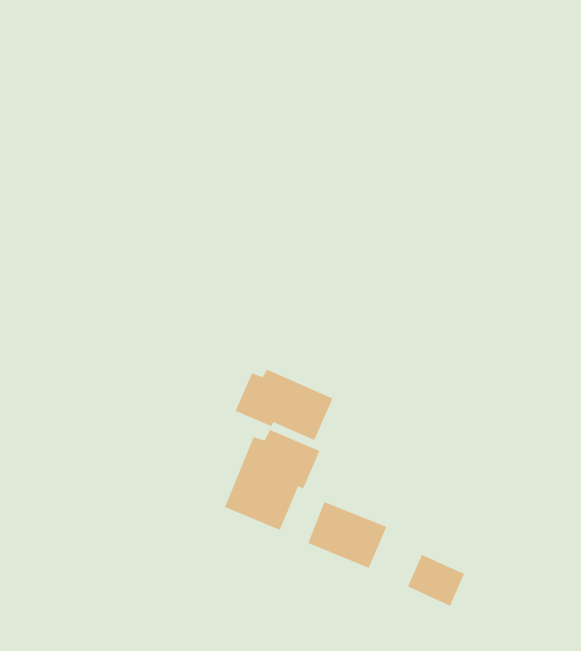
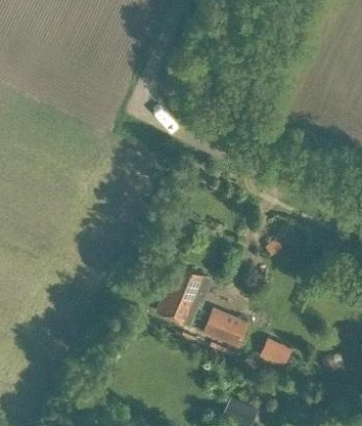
building: [235,369,333,441] -> none

